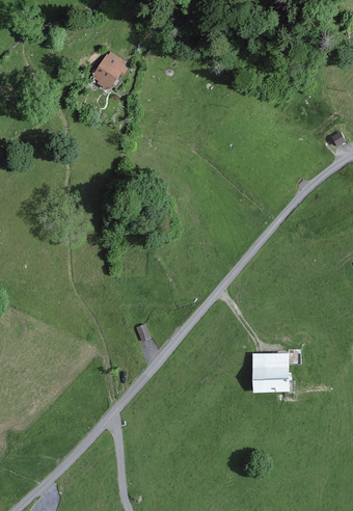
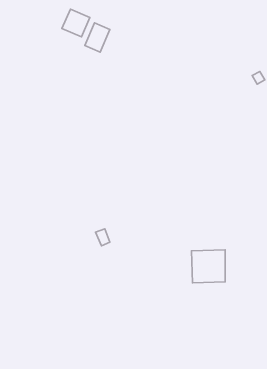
building: none -> [85,23,110,52]

